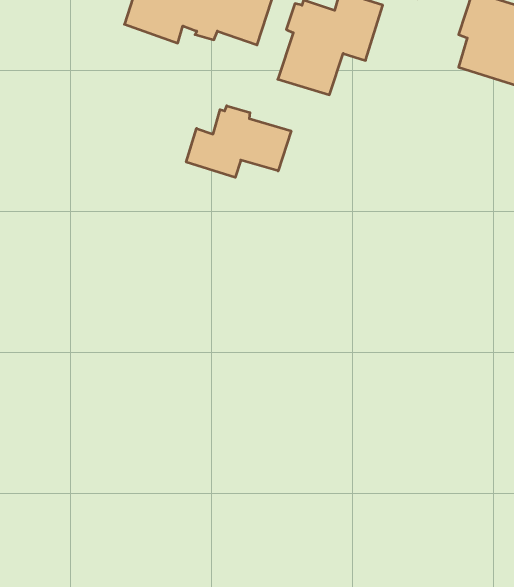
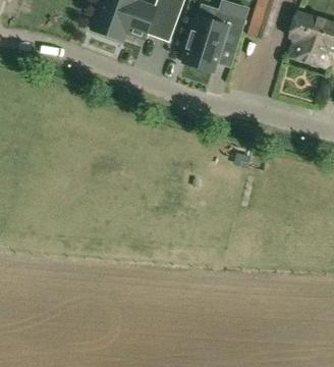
building: [186,106,291,177] -> none

